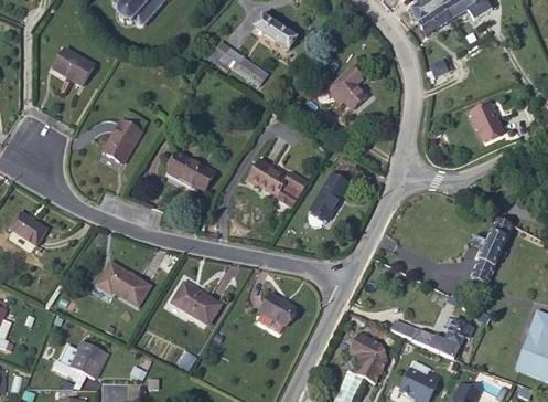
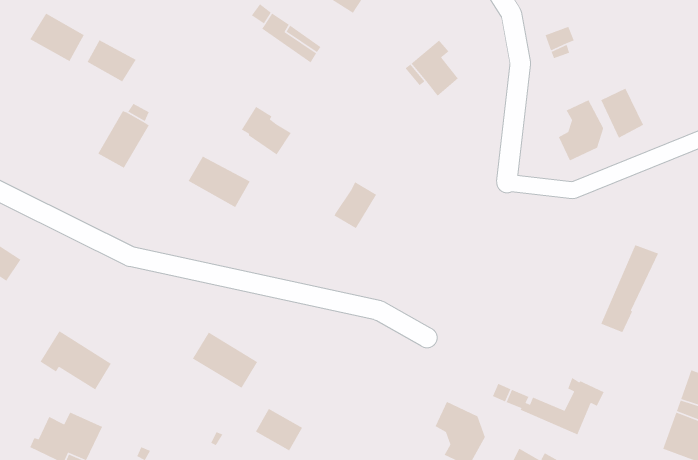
building: none -> [86,39,137,83]
building: none -> [558,99,604,161]
building: [250,158,288,194] -> [241,106,292,155]
building: [309,173,350,226] -> none
building: [97,261,150,305] -> [40,330,112,391]
building: [260,293,296,325] -> [255,408,303,452]

